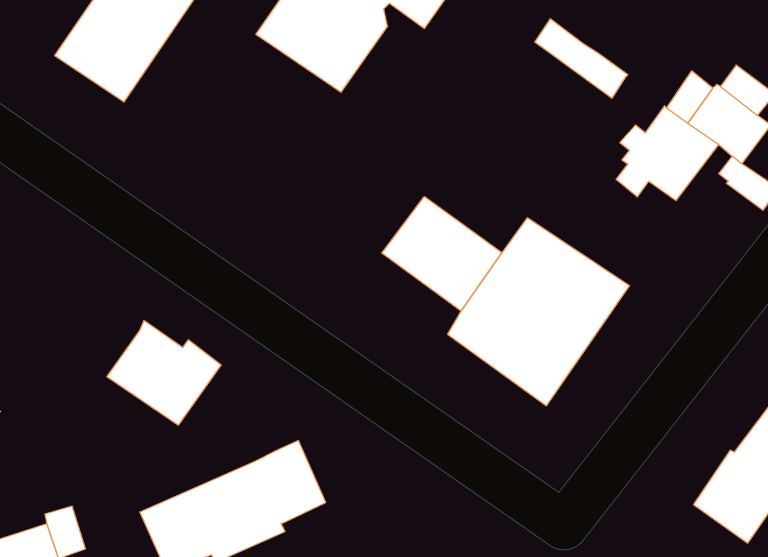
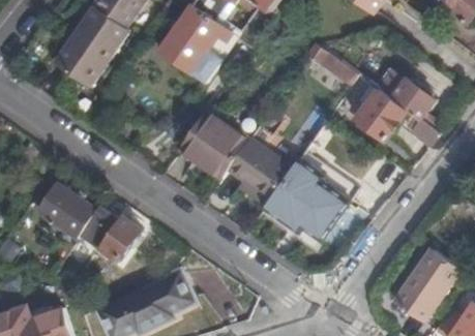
building: none -> [178,110,247,178]
building: none -> [37,184,96,238]

